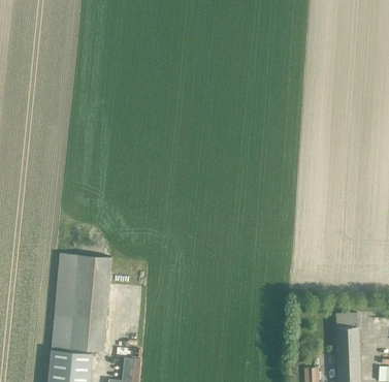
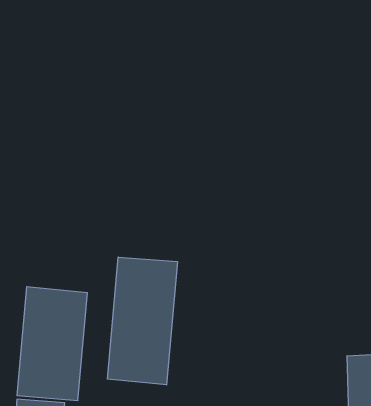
building: none -> [108,257,177,385]

